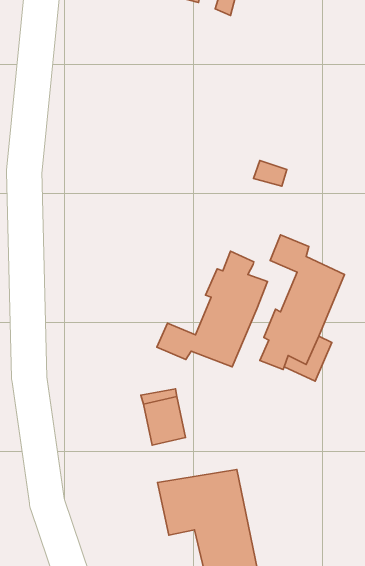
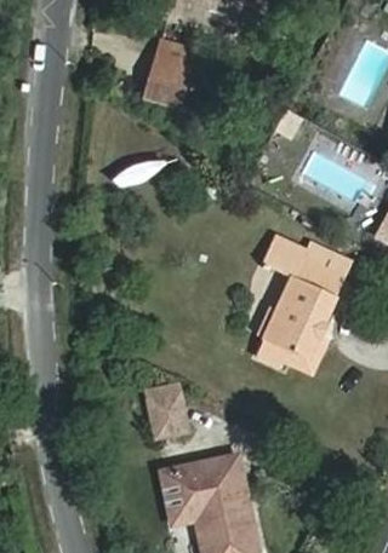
building: none -> [146,41,190,102]
building: [157,251,267,367] -> none

